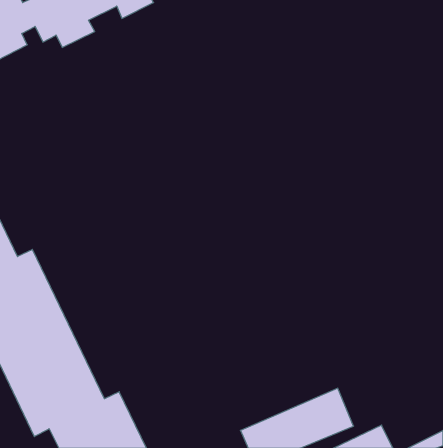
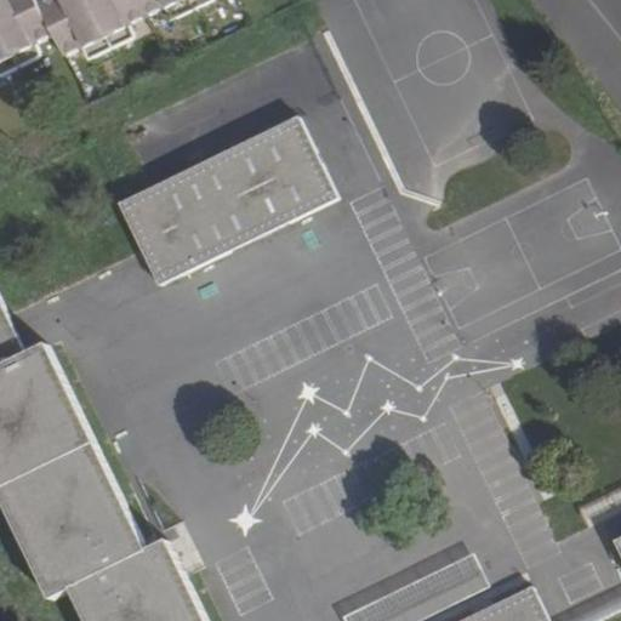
building: none -> [115,118,335,286]

